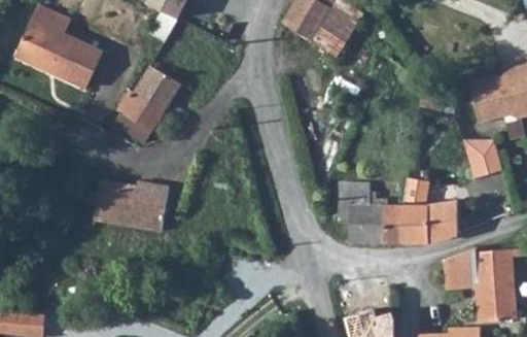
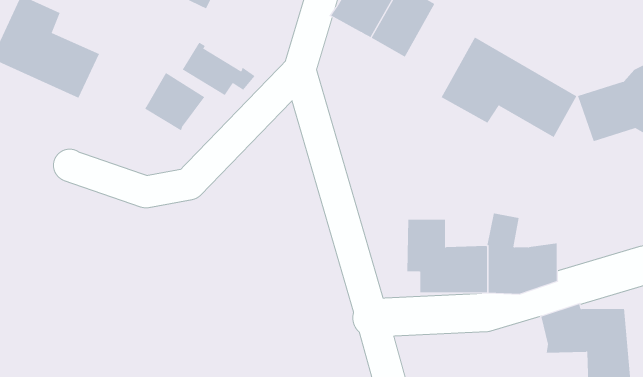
building: none -> [441,37,577,138]
building: [116,91,174,133] -> [182,42,255,96]
building: [465,140,502,175] -> none
building: [93,183,167,231] -> none

